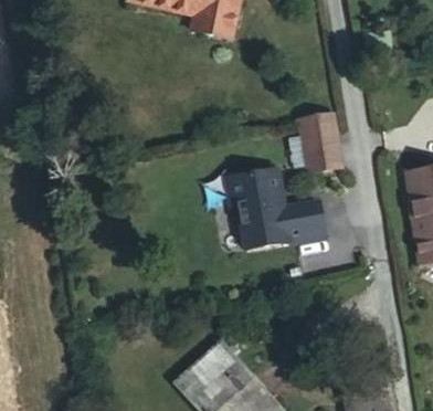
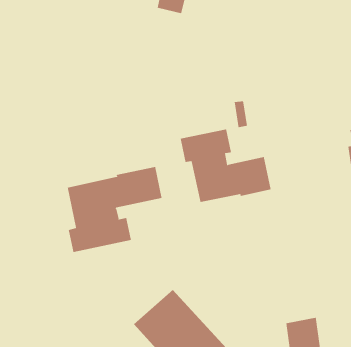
building: [300,113,342,173] -> none
building: none -> [67,166,162,253]

